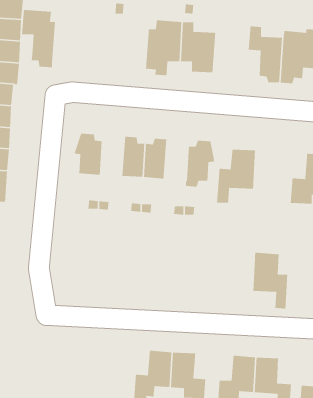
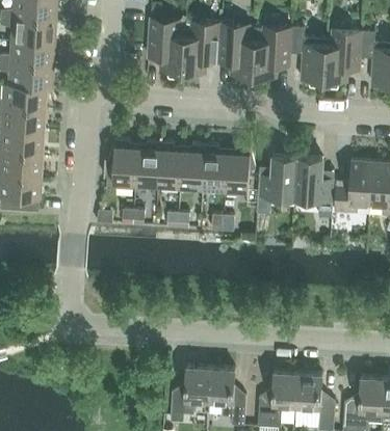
building: [21,9,56,68] -> [149,18,185,79]
building: none -> [253,26,291,84]
building: none -> [134,141,160,190]
building: none -> [202,145,227,189]
building: [252,252,288,310] -> [295,157,333,217]

